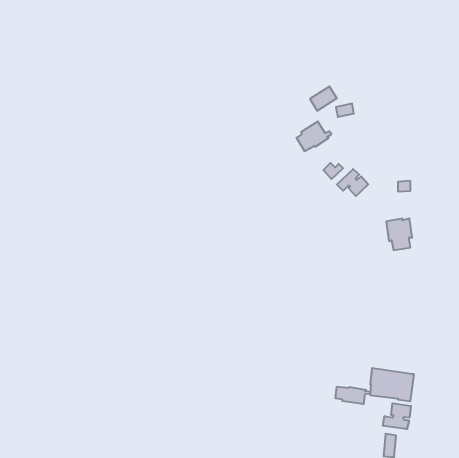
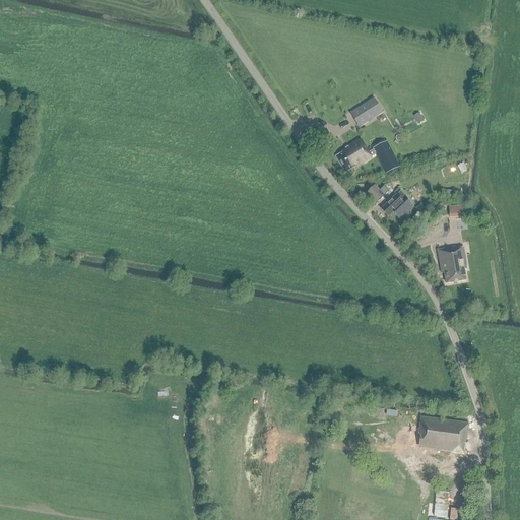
building: none -> [373,140,399,172]
building: [336,387,370,404] -> none
building: [383,403,411,429] -> none

